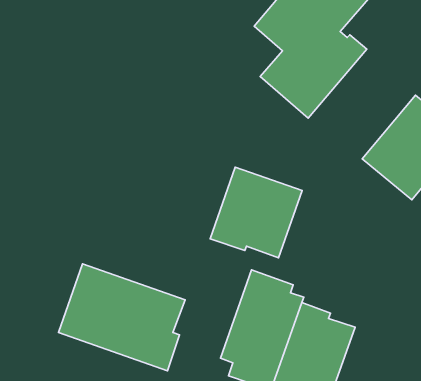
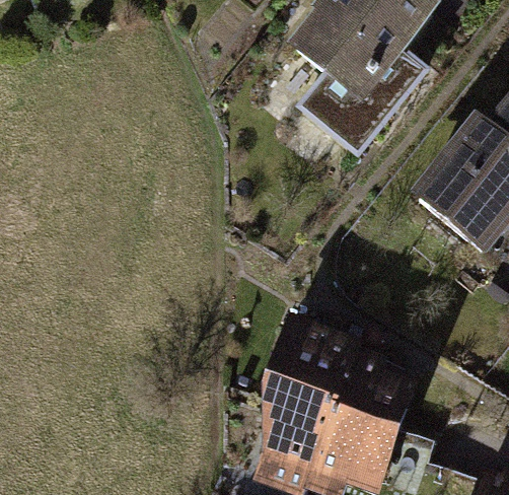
building: [210,167,302,258] -> none
building: [58,264,185,371] -> none

